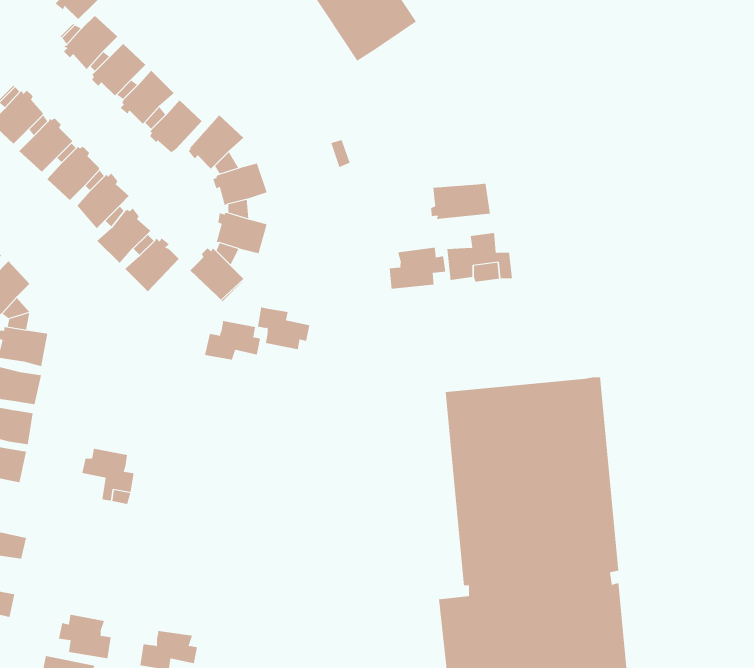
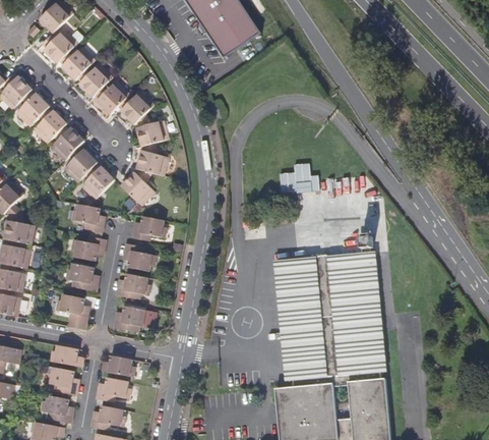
building: [431,183,491,220] -> none
building: [389,247,446,290] -> none
building: none -> [71,204,104,232]
building: [257,307,310,350] -> [122,243,155,270]
building: none -> [70,236,105,261]
building: none -> [65,264,98,291]
building: none -> [115,274,149,299]
building: none -> [113,307,156,333]
building: none -> [50,345,82,367]
building: none -> [102,355,135,376]
building: none -> [41,366,78,395]
building: none -> [96,378,131,402]

